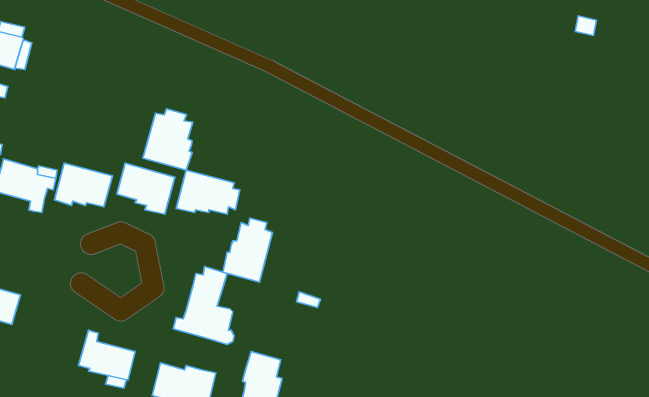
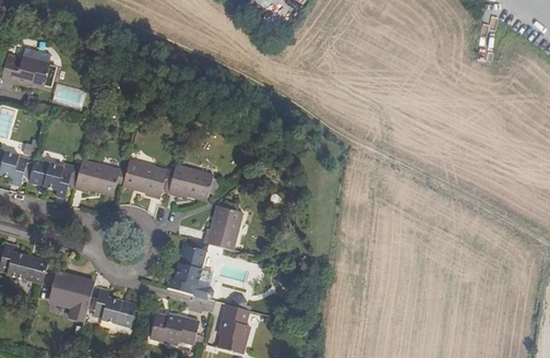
building: [143,109,193,170] -> none
building: none -> [50,271,95,319]

